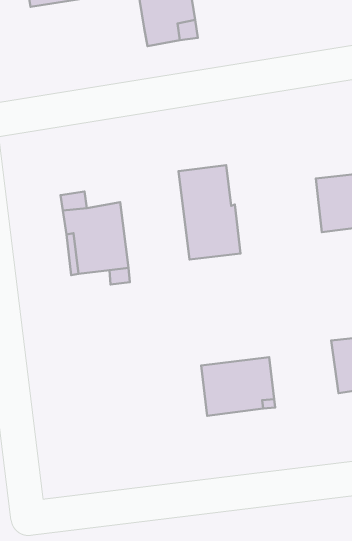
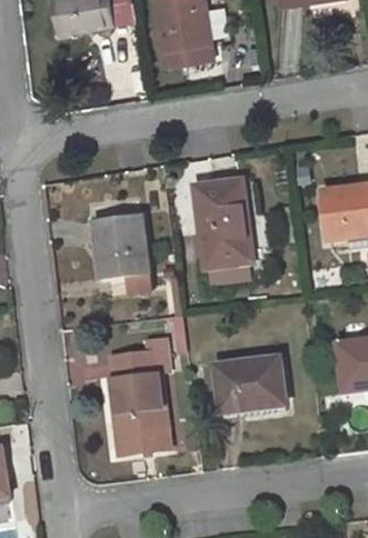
building: none -> [109,338,169,456]

